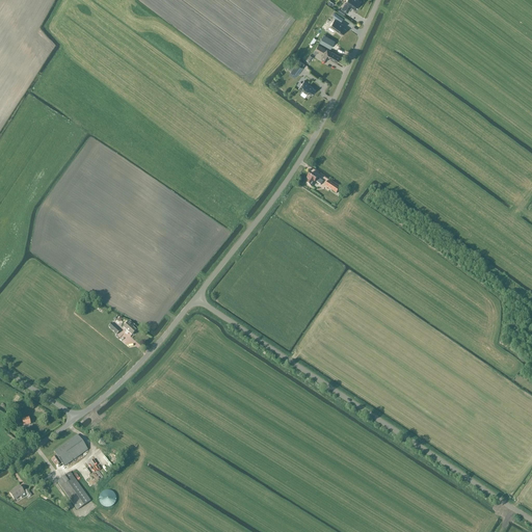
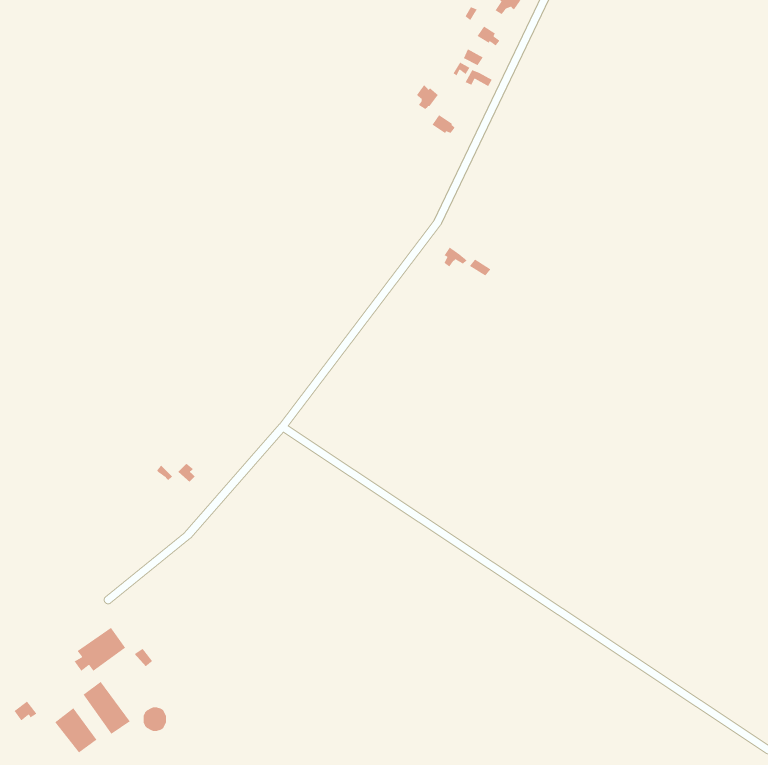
building: none -> [54,707,98,754]

